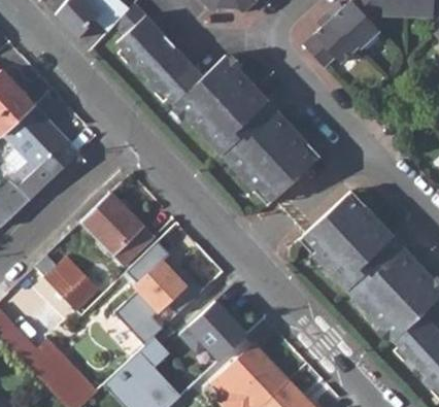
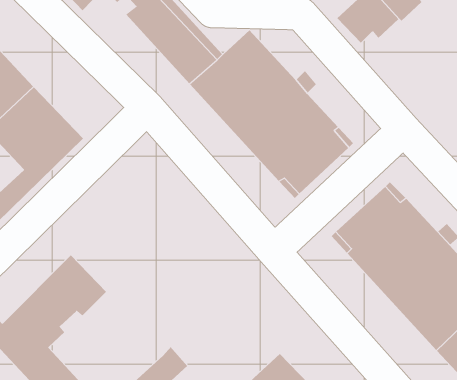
building: [82,193,154,266] -> none
building: [117,241,188,345] -> none
building: [177,298,249,361] -> none

